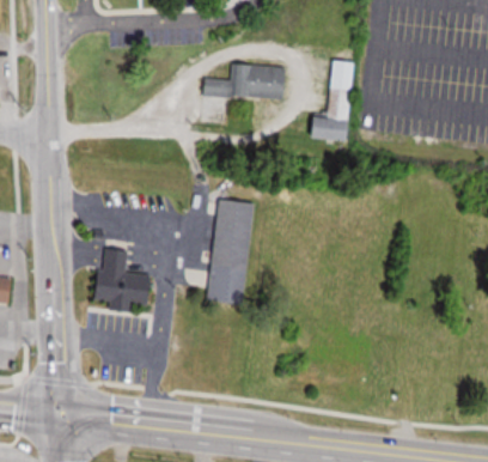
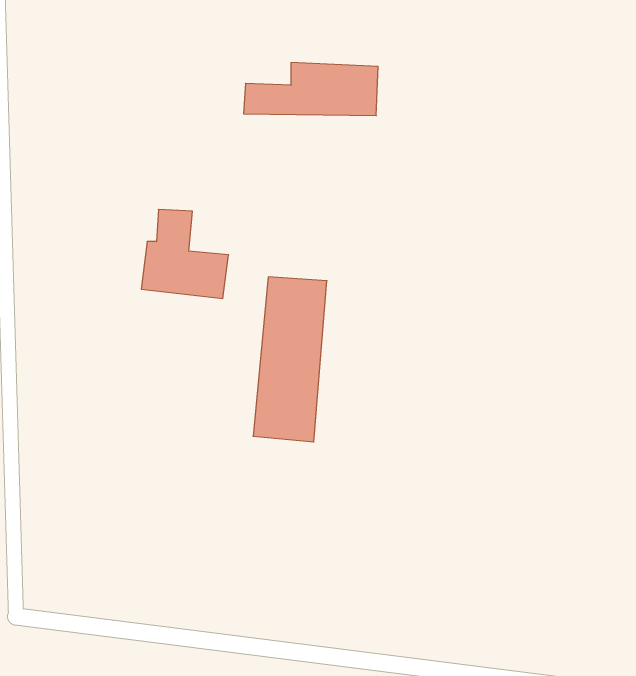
building: [313,60,355,141] -> none
building: [92,251,147,308] -> [141,209,229,299]

